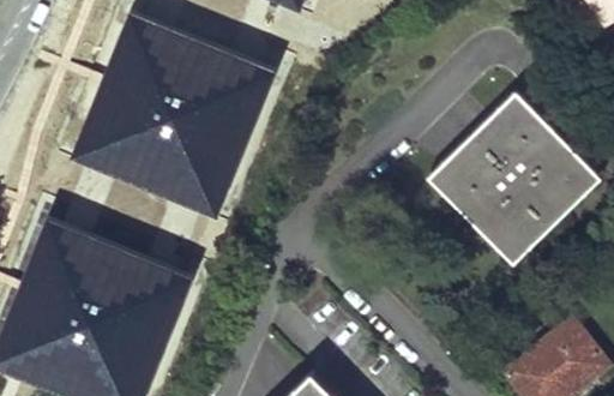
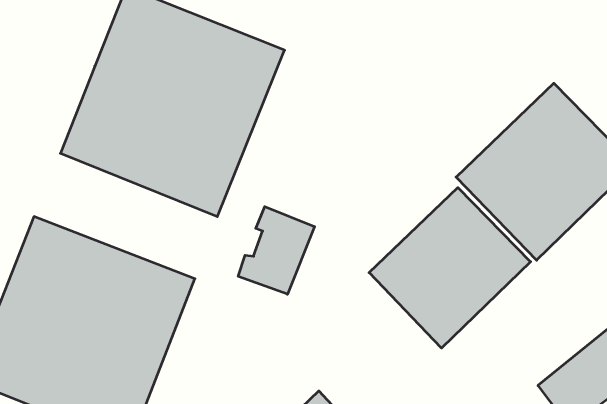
building: none -> [369,188,531,348]
building: none -> [238,207,315,294]

